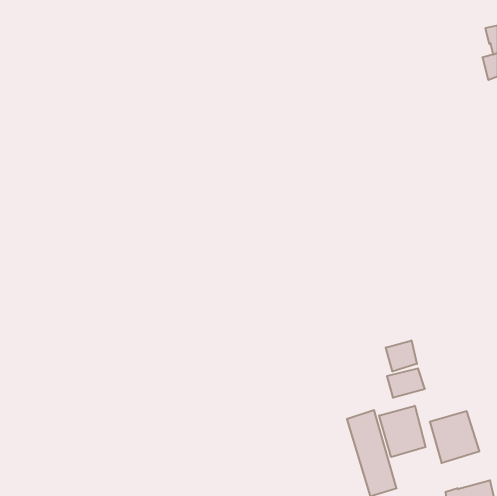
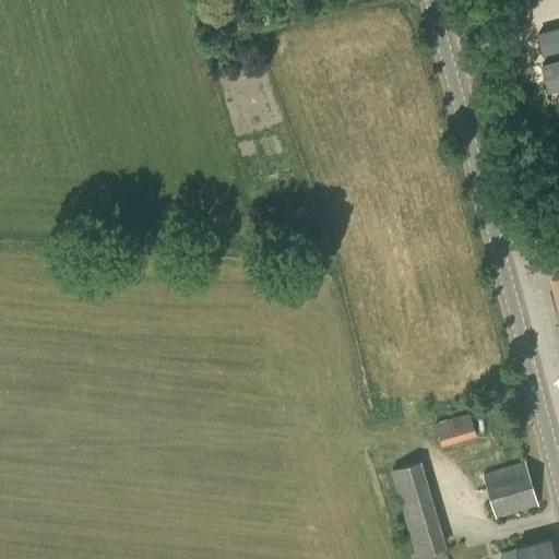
building: [386,340,417,371] -> none
building: [379,406,426,457] -> none

